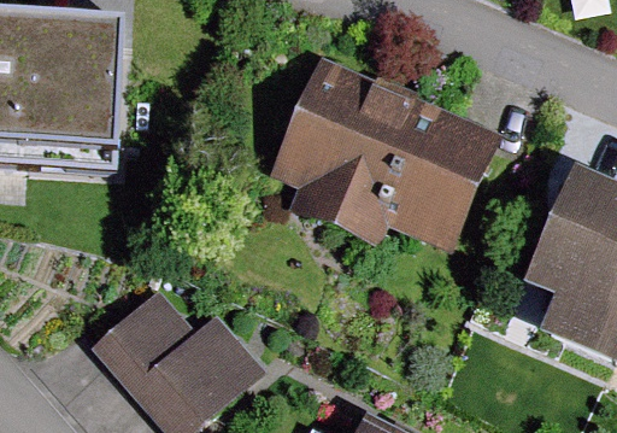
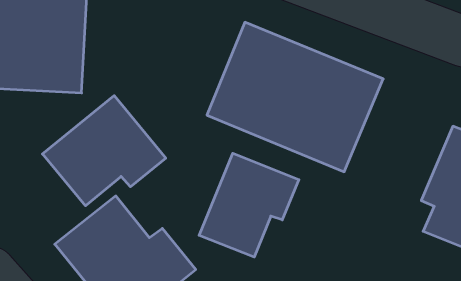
building: none -> [42,96,166,206]
building: none -> [199,153,299,257]

